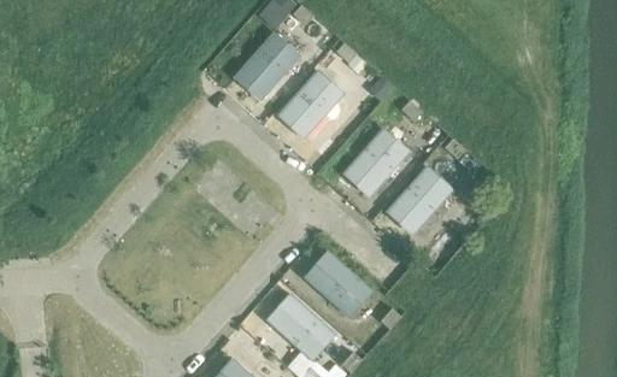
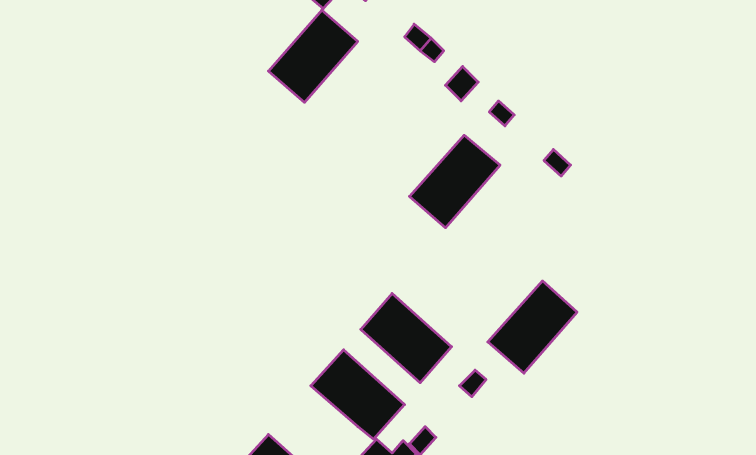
building: [276,61,352,140] -> none
building: [386,165,454,236] -> [488,281,577,373]

